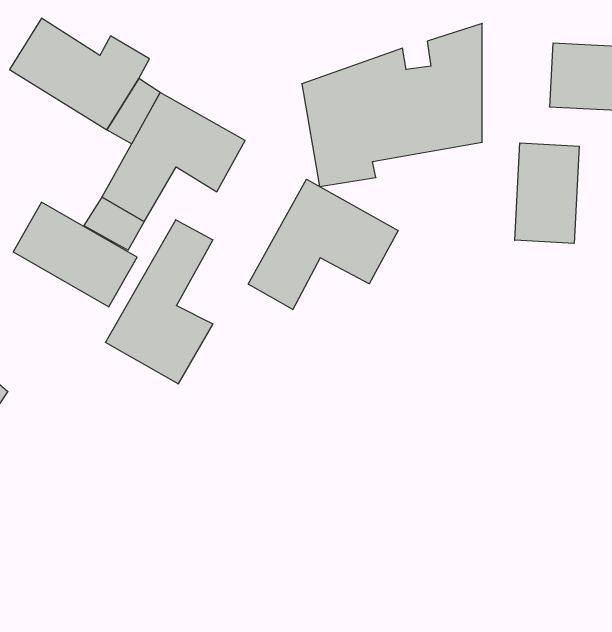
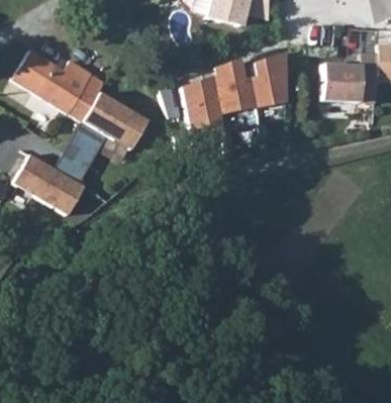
building: [515,143,579,243] -> none
building: [248,179,398,310] -> none
building: [105,220,213,384] -> none

